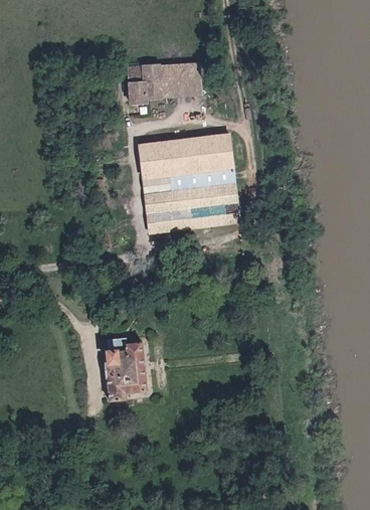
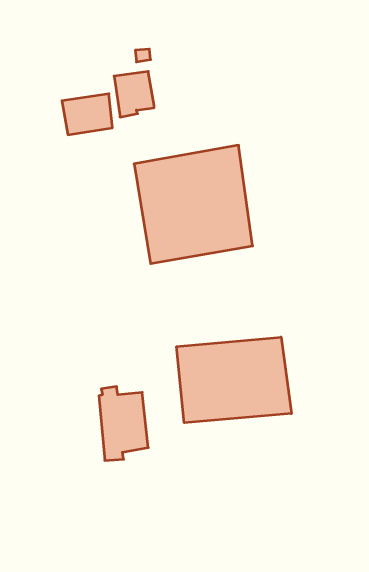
building: [149,61,192,97] -> [62,94,112,135]
building: none -> [177,337,291,423]

